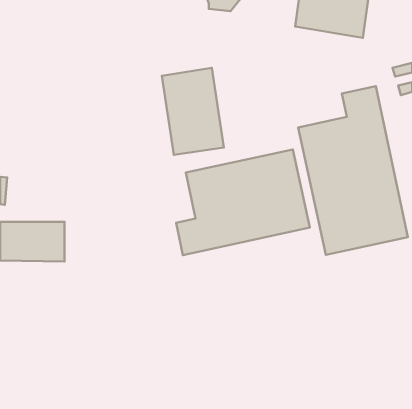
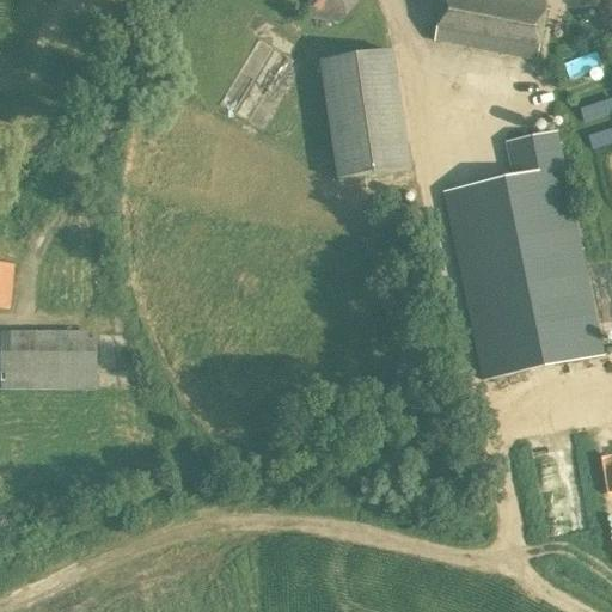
building: [162,68,224,155] -> [318,47,410,176]
building: [176,149,310,255] -> none

